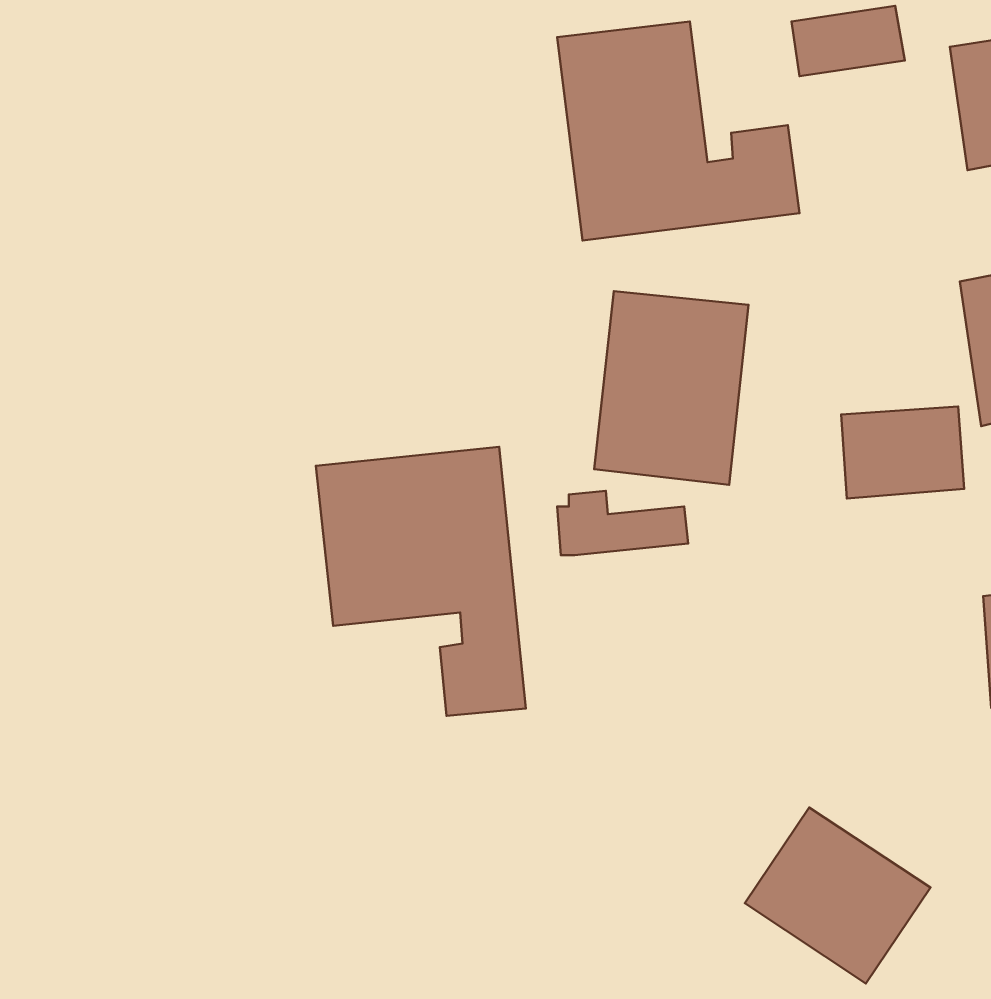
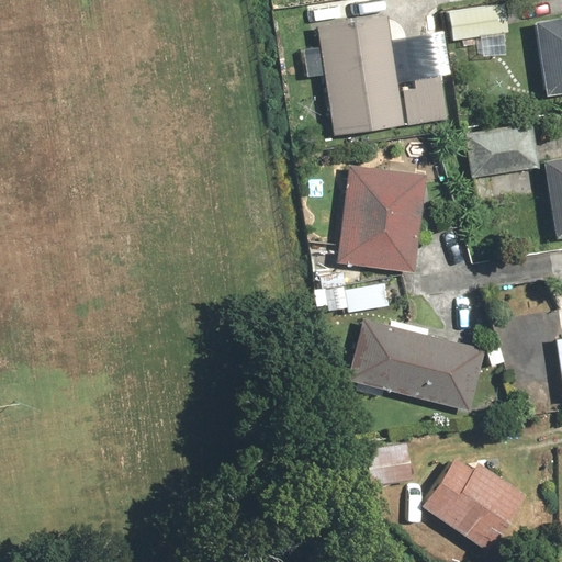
building: [841,407,964,498] -> [469,126,538,178]
building: [316,447,526,716] -> none
building: none -> [348,317,486,409]

